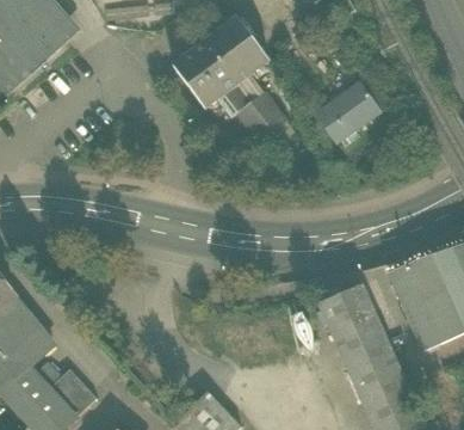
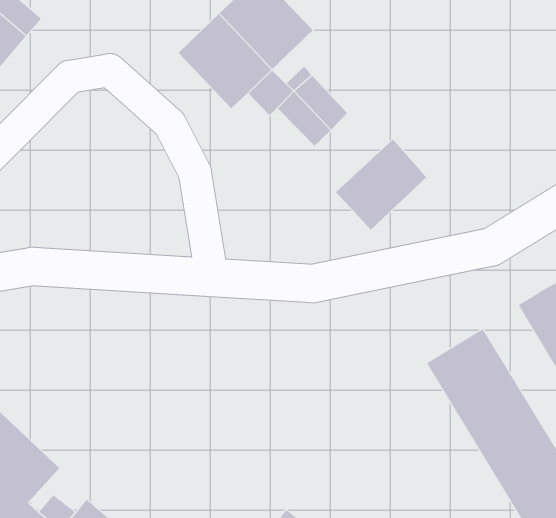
building: [314,81,379,143] -> [335,139,427,230]

